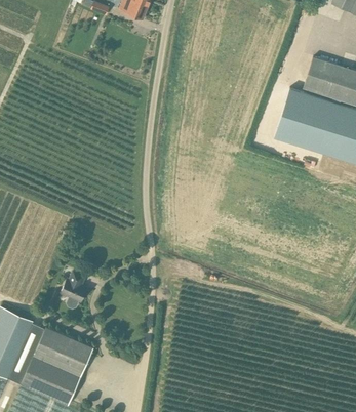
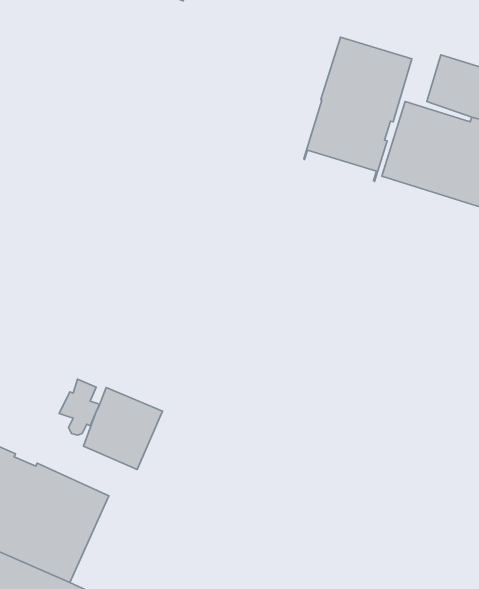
building: none -> [304,37,412,181]
building: none -> [83,388,162,469]

